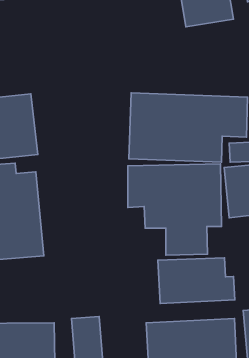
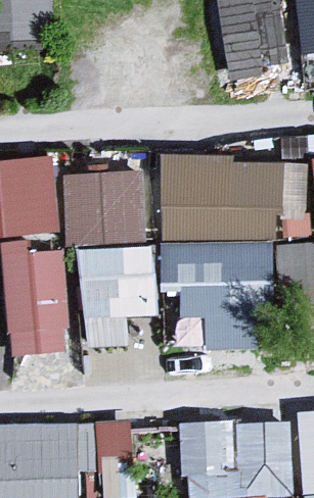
building: none -> [69,171,141,242]
building: none -> [78,243,159,346]
building: [158,258,235,303] -> none

